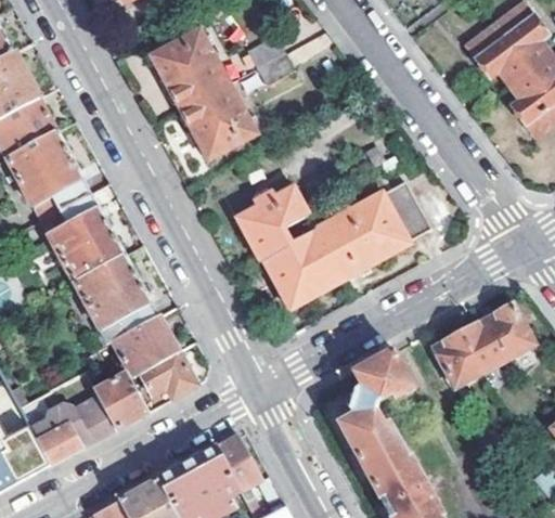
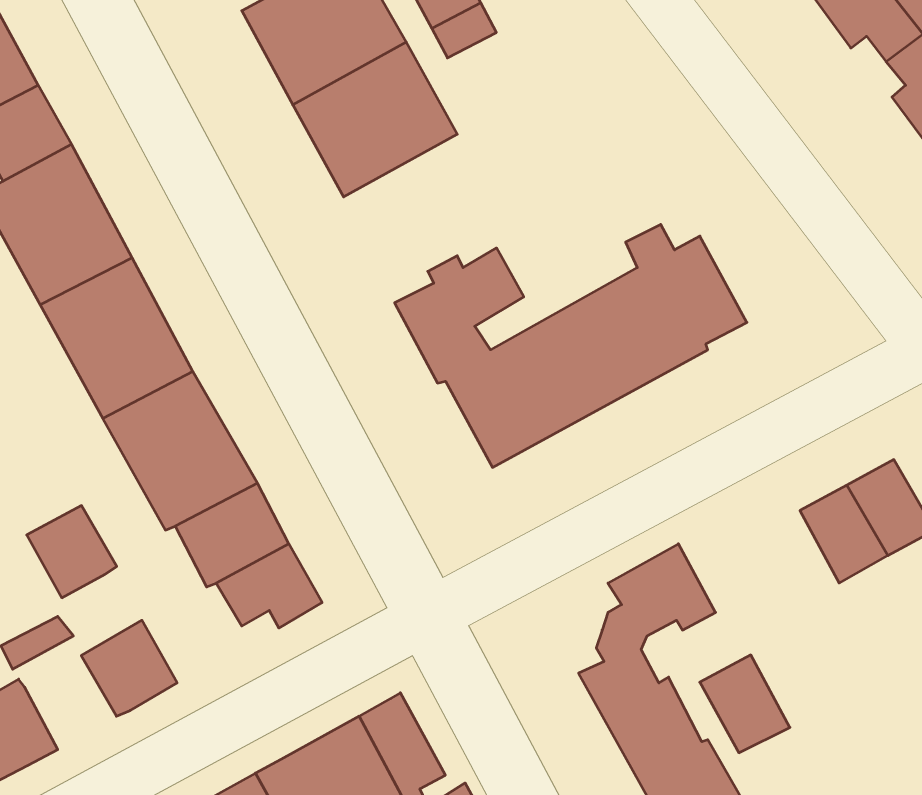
building: [431,333,481,387] -> [700,655,790,753]
building: [95,377,145,428] -> [27,506,117,598]
building: [30,413,81,465] -> none

